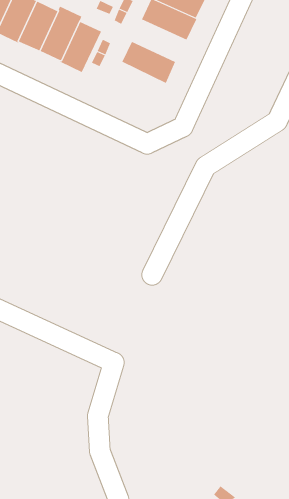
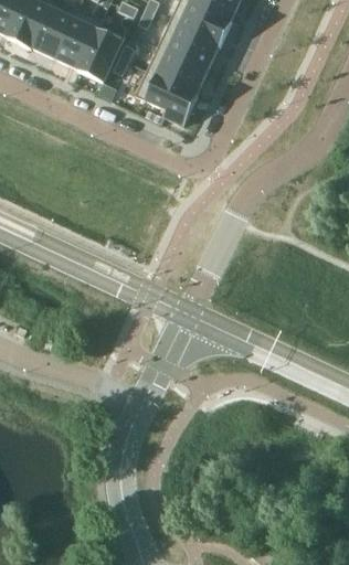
building: none -> [159,22,221,70]
building: none -> [136,70,200,125]

